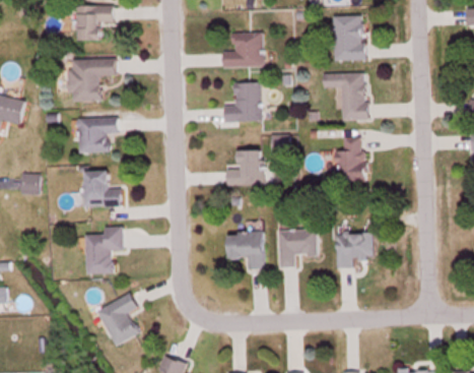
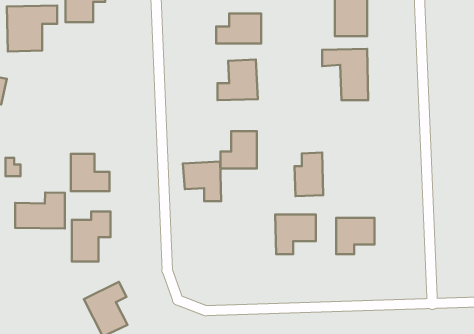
building: [67,58,115,102] -> [7,6,57,51]
building: [77,117,117,151] -> none
building: [336,137,363,179] -> [294,152,323,196]
building: none -> [15,193,65,229]
building: [226,231,263,268] -> [183,162,221,201]

